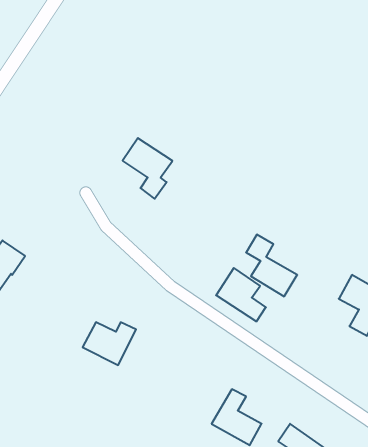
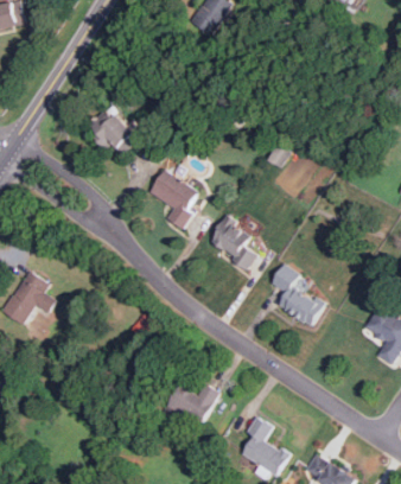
building: none -> [87,108,138,157]
building: [216,268,266,321] -> [206,217,256,270]
building: [83,322,136,365] -> [165,384,218,427]

